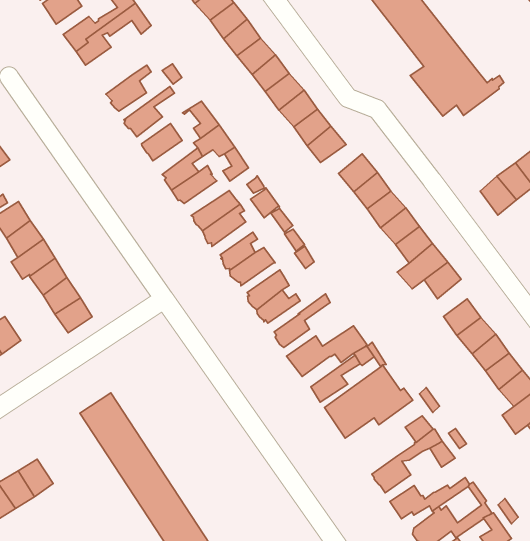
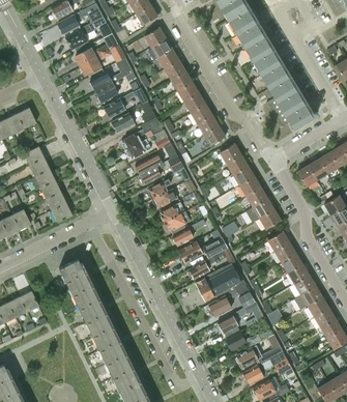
building: none -> [90,57,133,92]
building: none -> [209,284,248,316]

